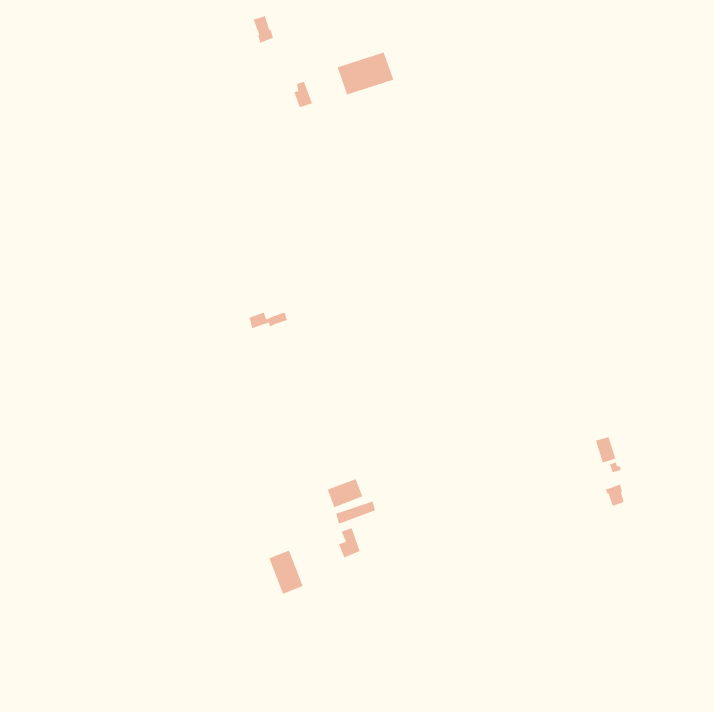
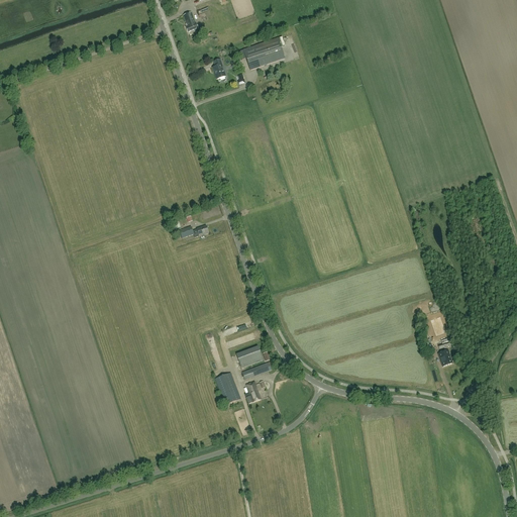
building: [268,550,303,595] -> [215,372,240,404]

